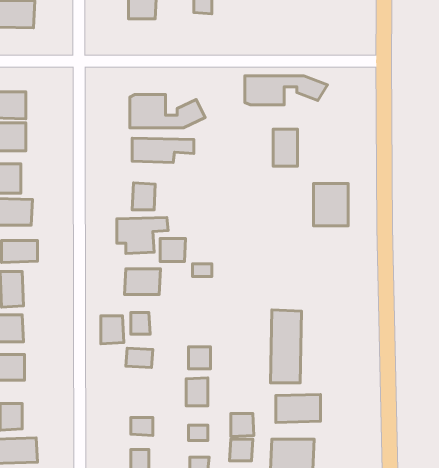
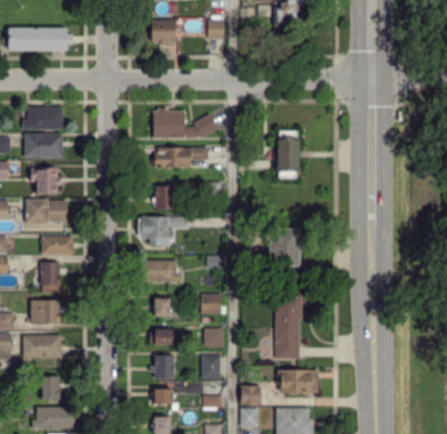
building: [245,76,328,105] -> none
building: [314,183,348,226] -> [270,229,299,265]
building: [160,238,186,261] -> [200,294,222,314]
building: [101,316,124,344] -> [154,354,174,379]

